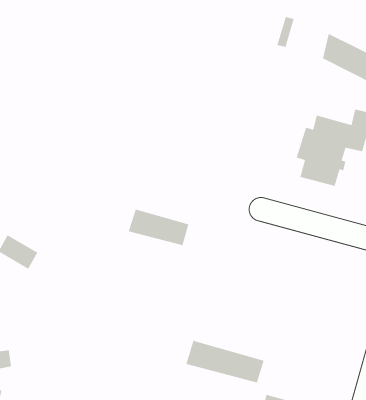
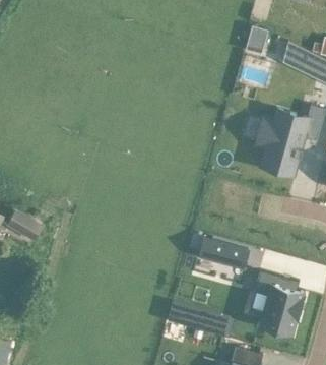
building: [128,209,189,246] -> [197,238,249,269]
building: none -> [255,272,304,336]

